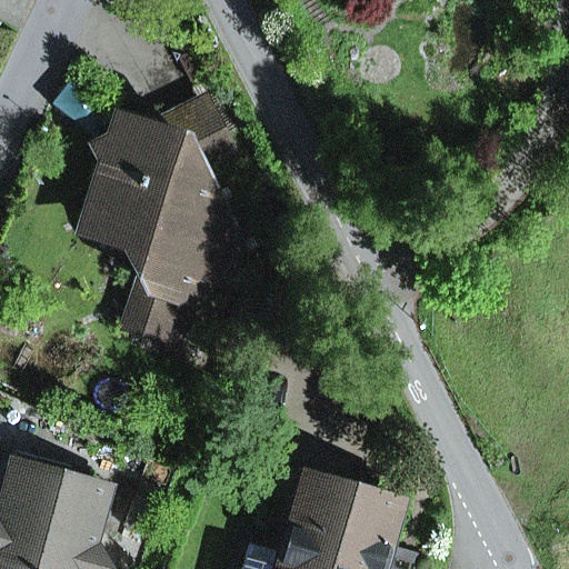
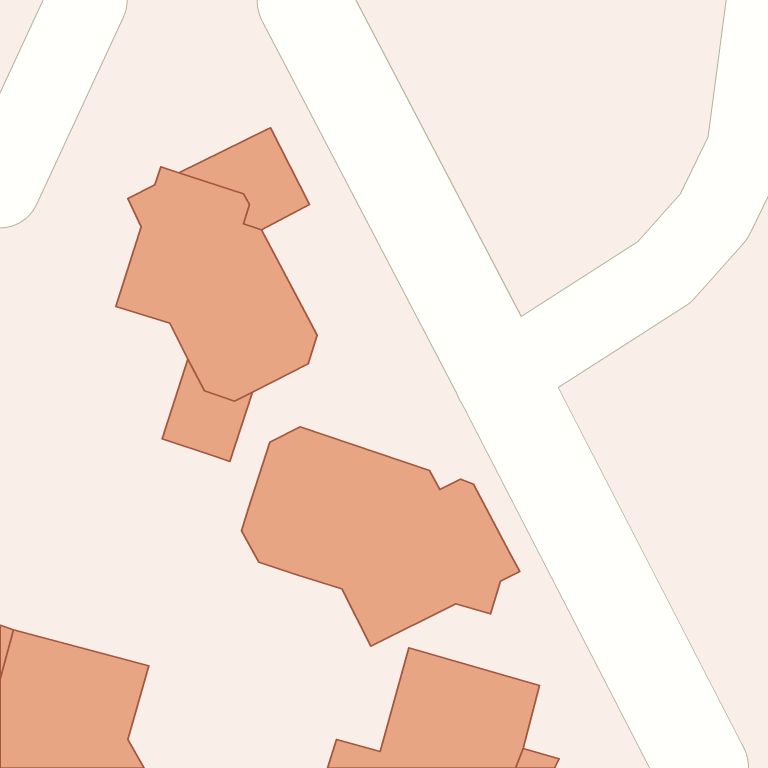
building: none -> [241,427,520,646]

